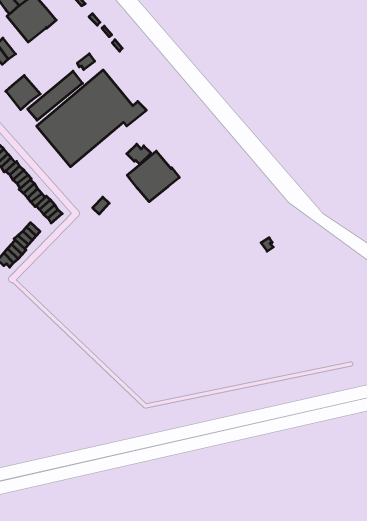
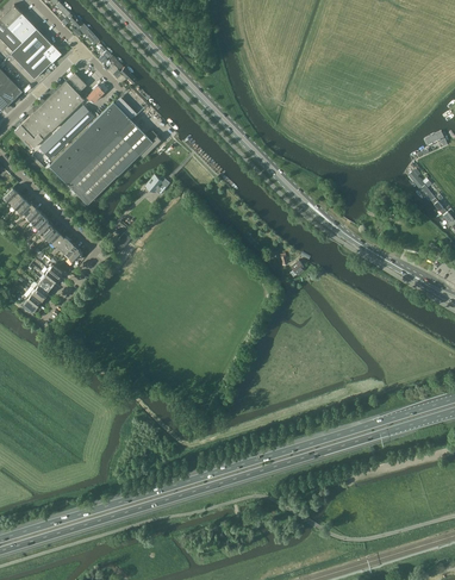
building: none -> [32,74,86,131]
building: [127,151,179,202] -> none

